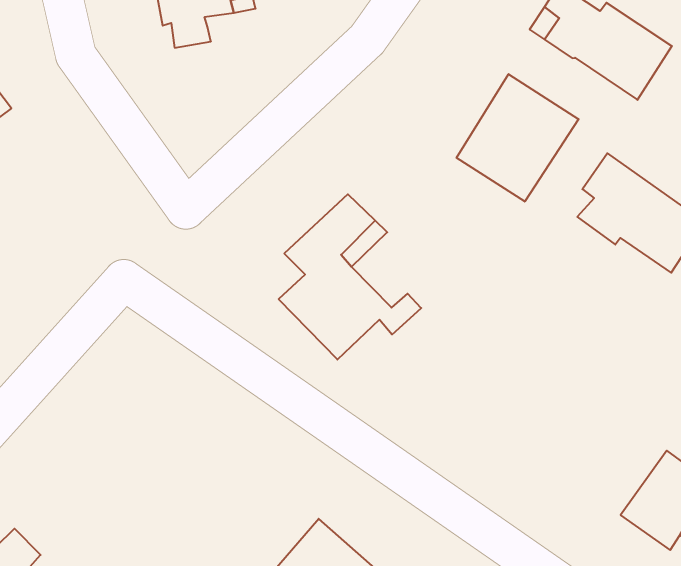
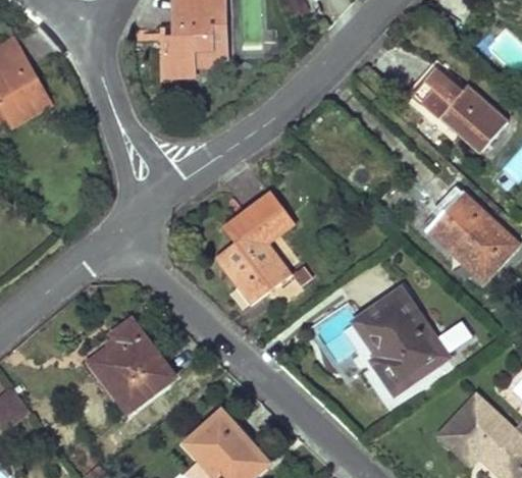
building: [457,74,579,202] -> none
building: none -> [340,287,448,391]
building: none -> [93,321,176,413]

